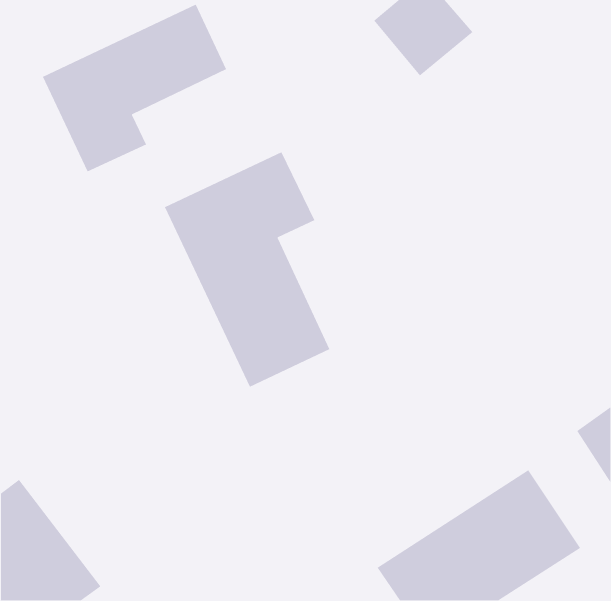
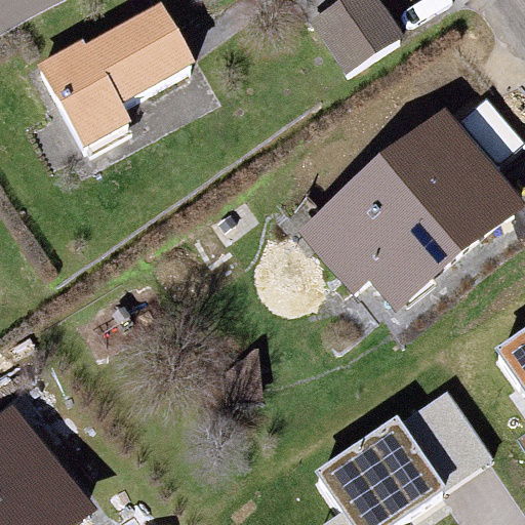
building: none -> [300,113,500,296]
building: [164,151,330,388] -> none

